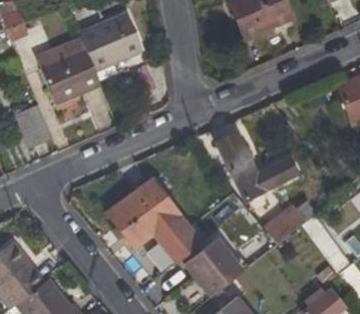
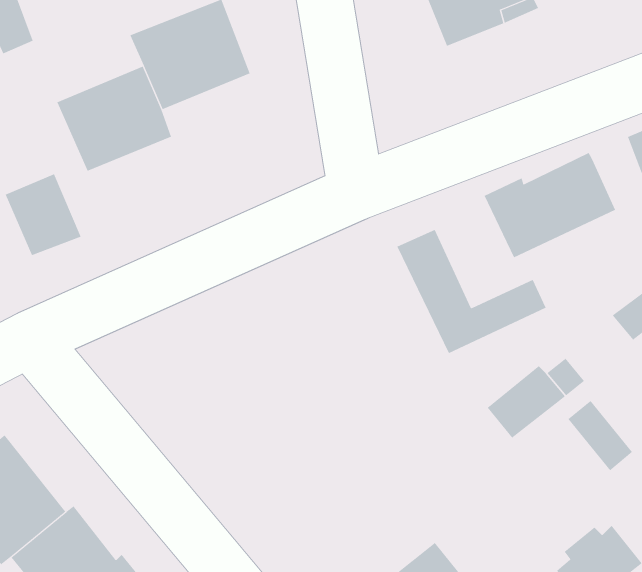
building: none -> [484,152,616,258]
building: [108,181,199,259] -> none
building: [182,237,241,295] -> none

